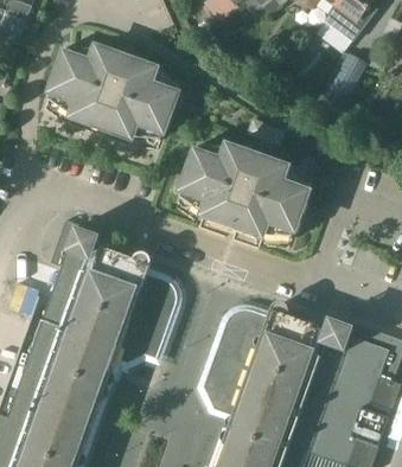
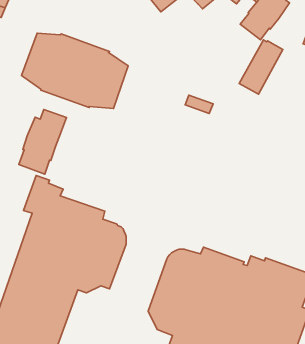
building: none -> [19,110,66,174]
building: [180,145,311,237] -> none

